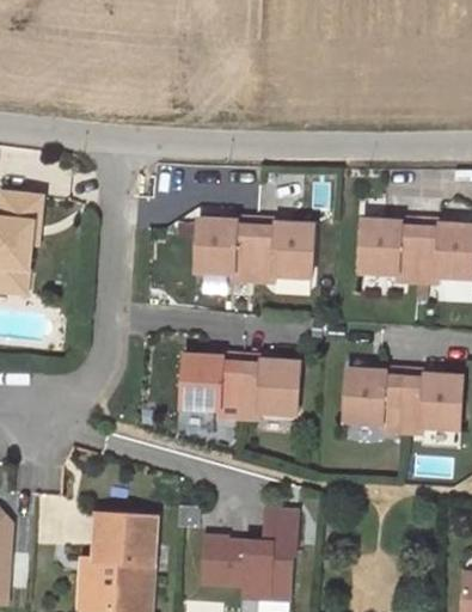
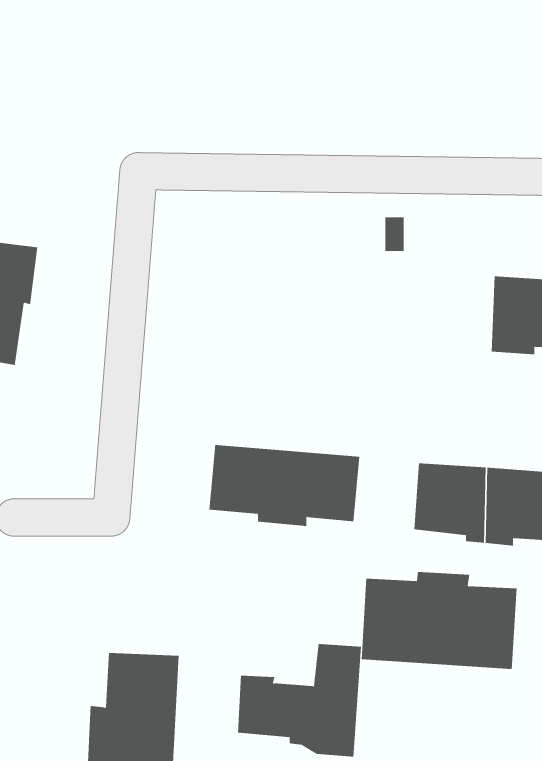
building: [195,218,312,282] -> none
building: [358,219,404,281] -> none
building: none -> [361,571,517,670]

